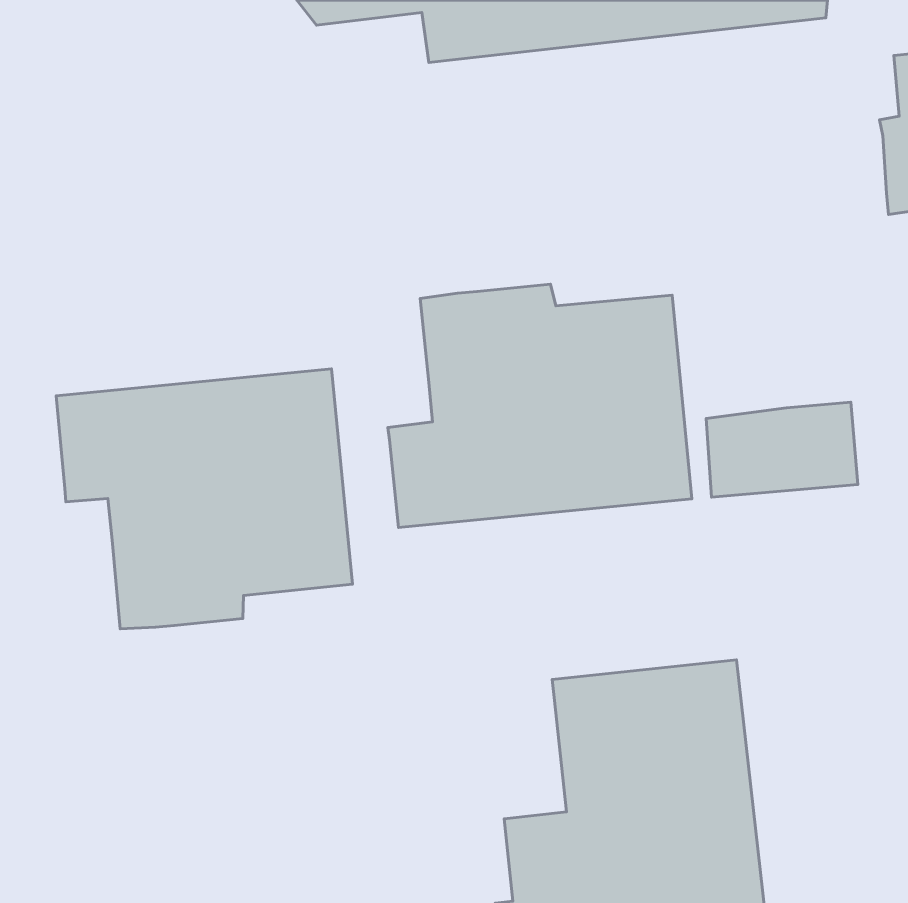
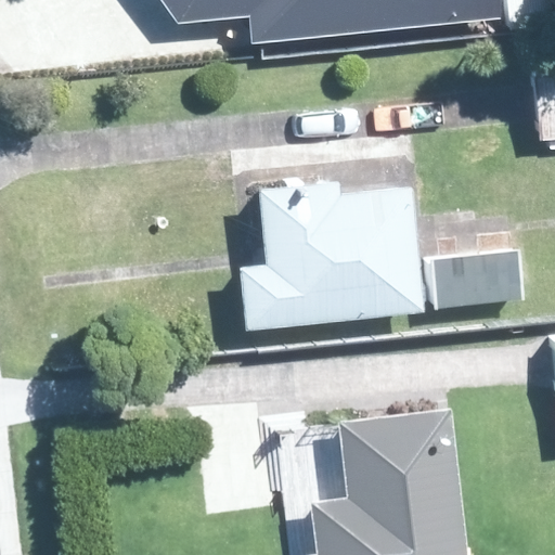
building: [56,369,353,629] -> none

